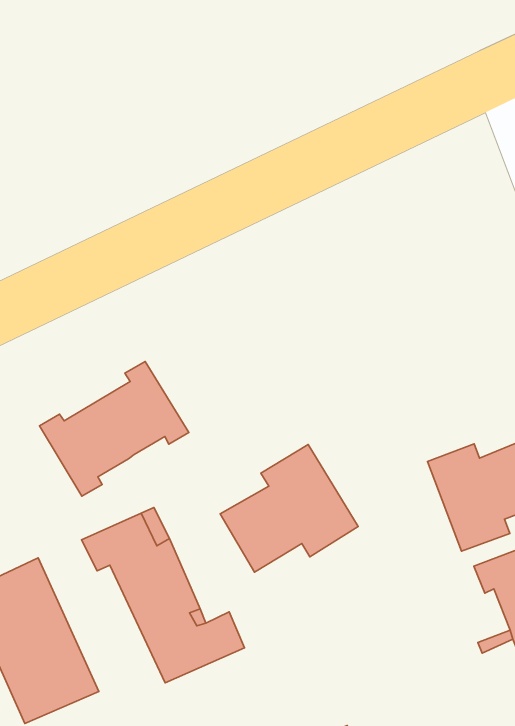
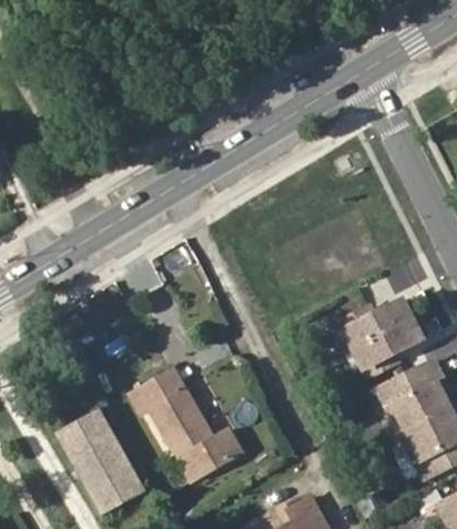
building: [39,362,189,496] -> none
building: [220,444,358,572] -> none

